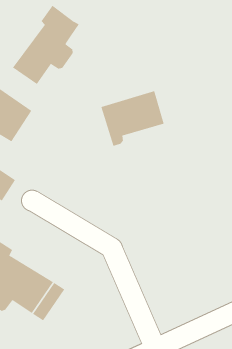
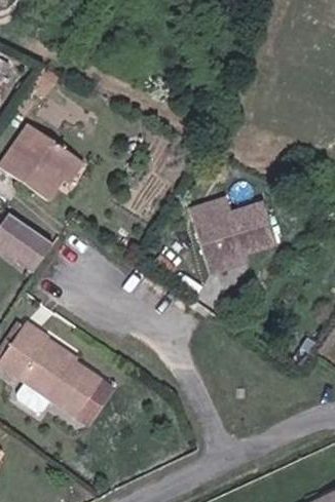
building: [12,5,80,85] -> none
building: [101,91,164,146] -> [191,202,272,273]

